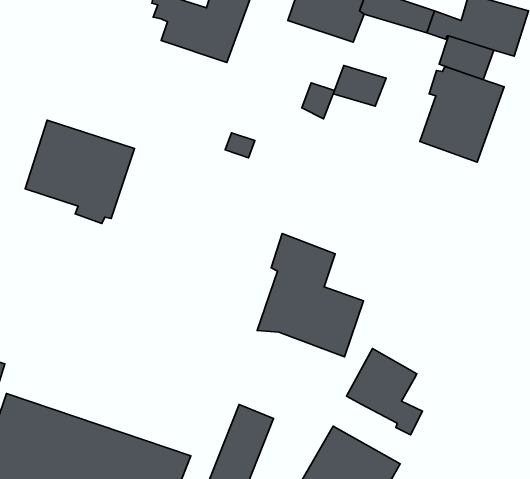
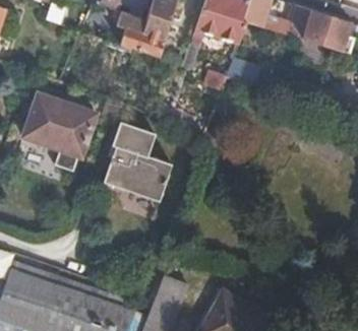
building: [420,66,504,162] -> none
building: [257,234,363,357] -> [103,118,172,198]
building: [346,349,422,435] -> none

